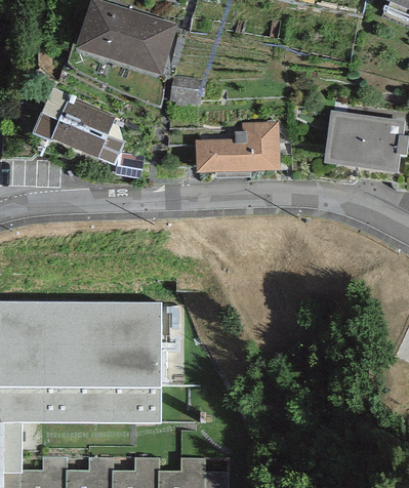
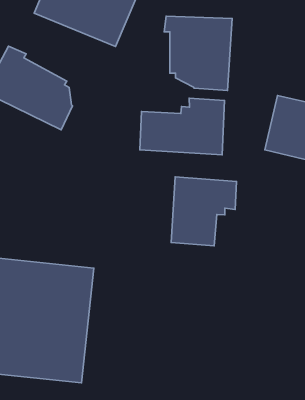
building: none -> [164,16,232,91]
building: none -> [171,177,236,246]

